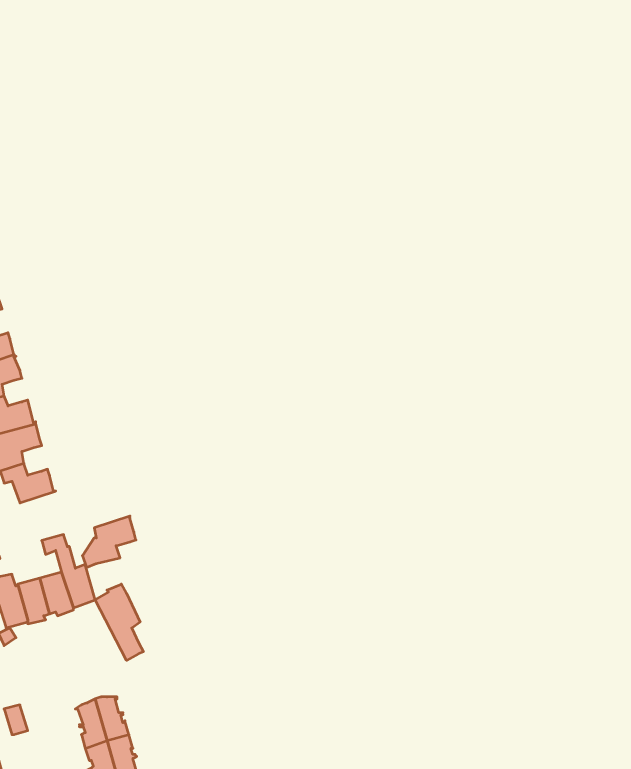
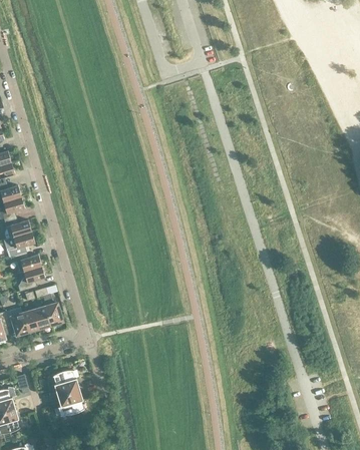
building: [82,516,136,568] -> [18,266,45,292]
building: [95,584,143,660] -> none

